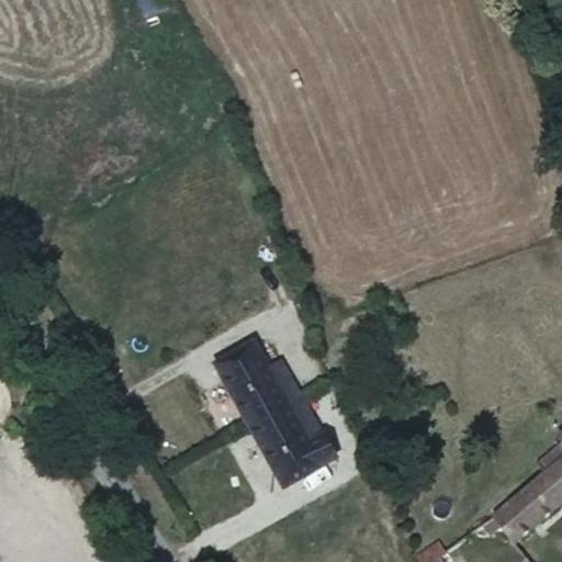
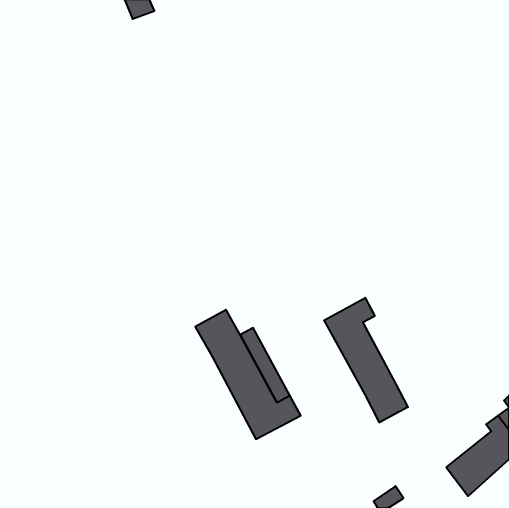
building: none -> [324,298,408,422]

